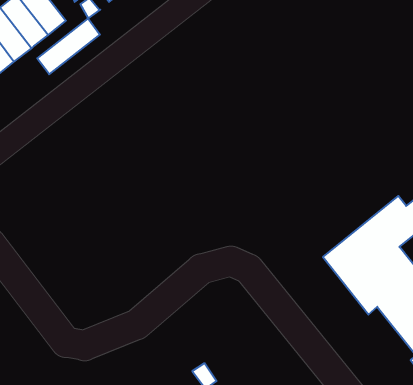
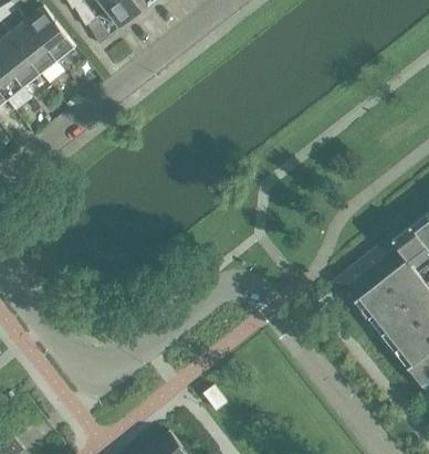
building: [37,19,100,74] -> none

